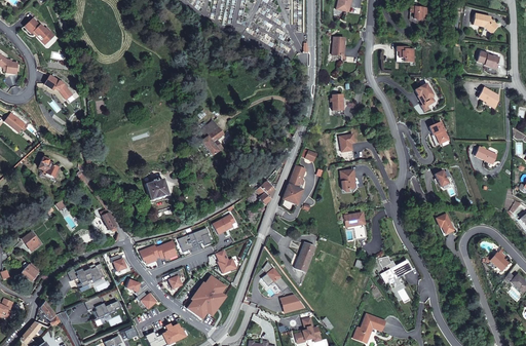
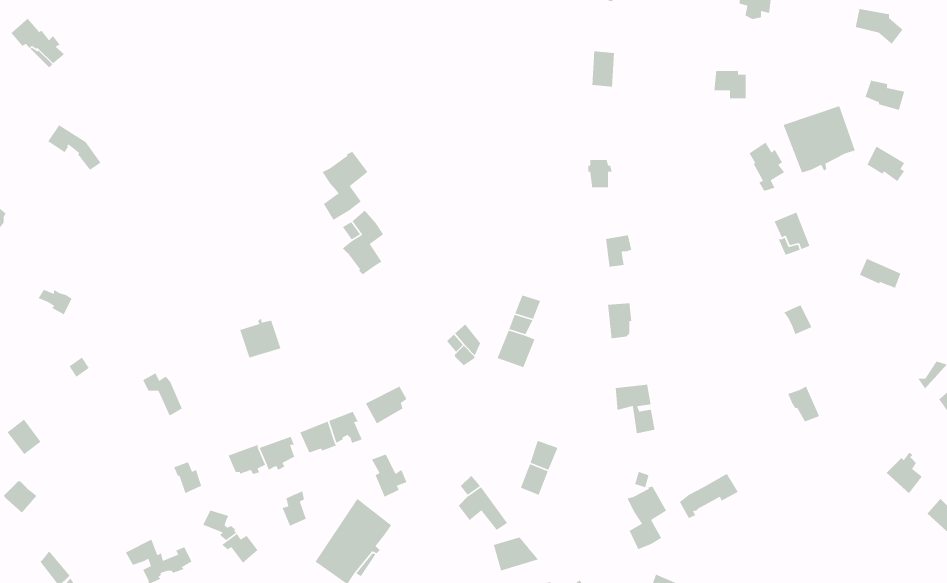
building: none -> [783,105,856,174]
building: none -> [321,151,369,221]
building: [68,263,105,286] -> none
building: none -> [626,485,667,550]

